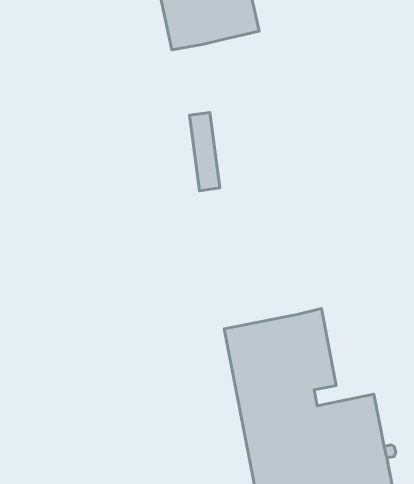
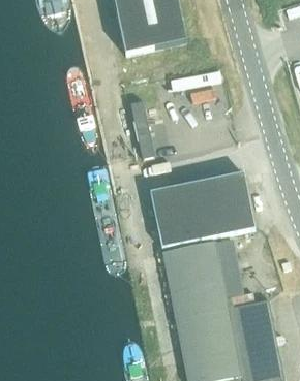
building: none -> [152,171,257,246]

